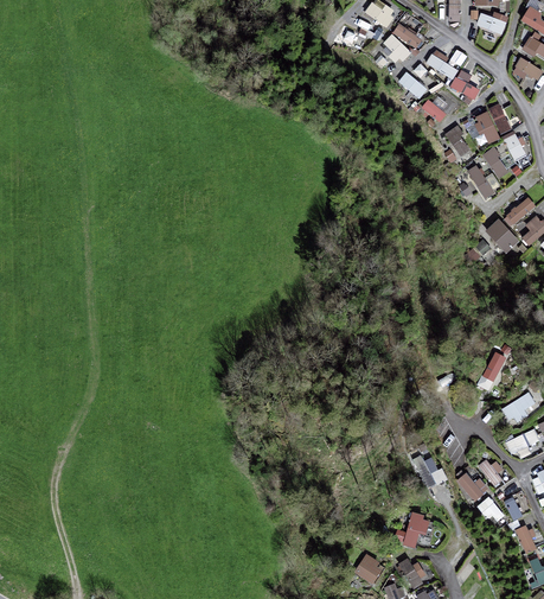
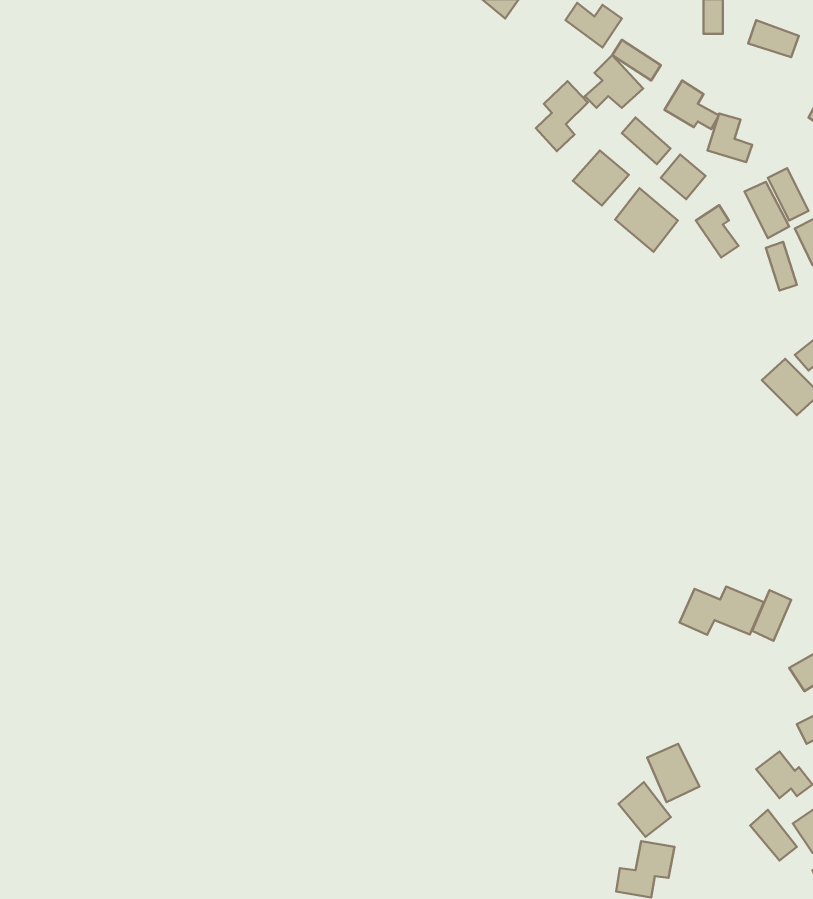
building: none -> [536,81,588,151]
building: none -> [573,151,629,205]
building: none -> [615,188,678,252]
building: [467,165,501,199] -> none
building: none -> [679,587,764,635]
building: [456,469,488,502] -> [618,782,671,837]

